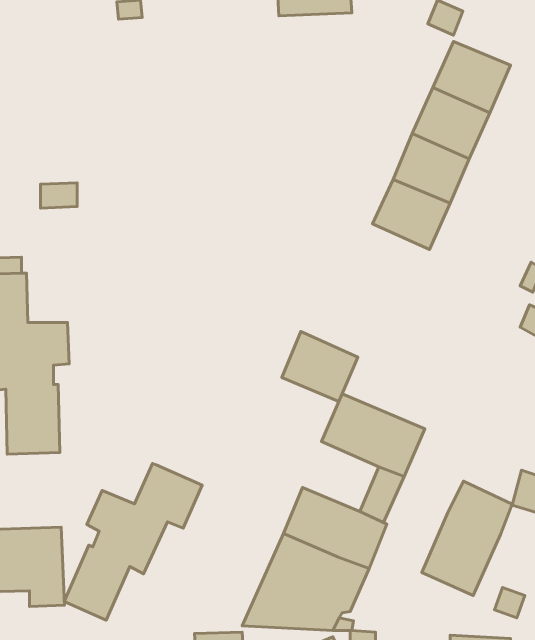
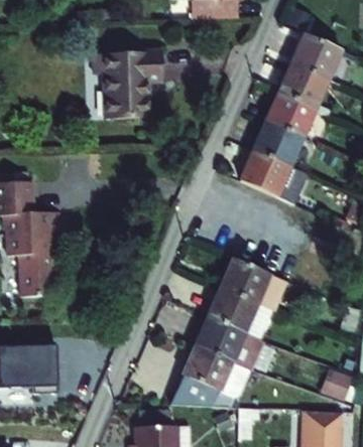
building: none -> [93,51,159,118]
building: none -> [239,150,288,196]
building: [282,332,358,401] -> [208,288,256,332]
building: [64,463,202,620] -> none
building: [422,481,512,596] -> none

